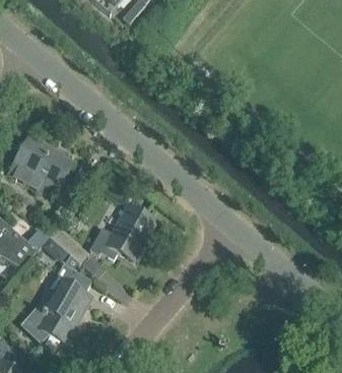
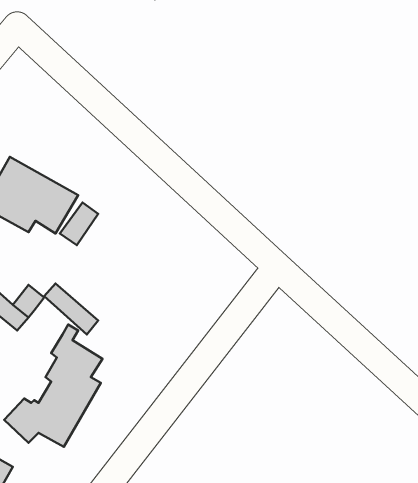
building: [89,204,157,261] -> none

